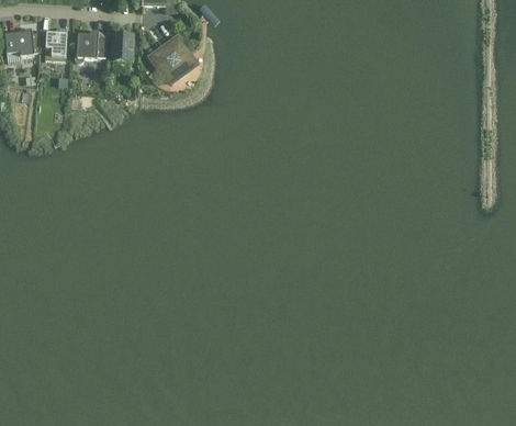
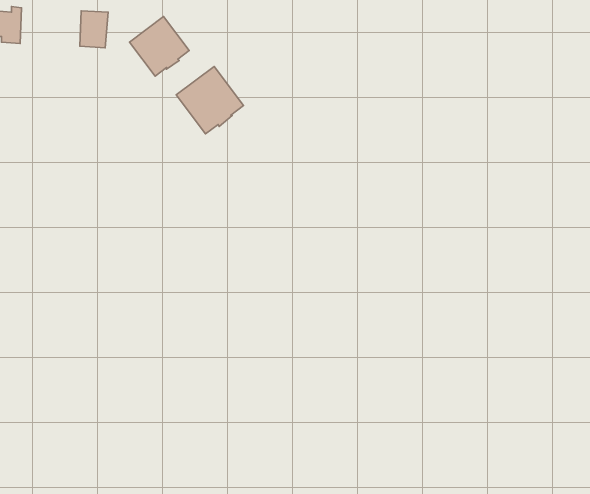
building: [75,30,106,61] -> none
building: none -> [176,66,243,134]

